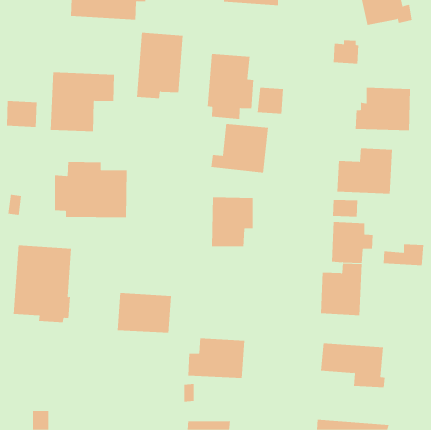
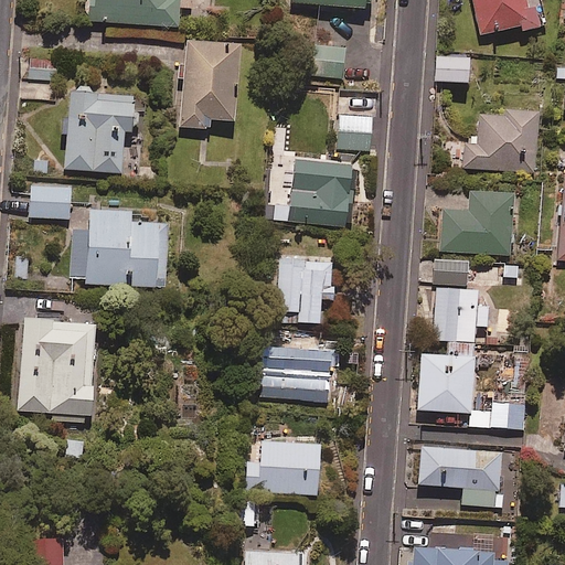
building: [207,53,254,120] -> none
building: [6,100,37,128] -> [29,183,70,218]
building: [383,244,424,266] -> [470,401,524,429]
building: [117,292,172,333] -> [258,348,330,401]

